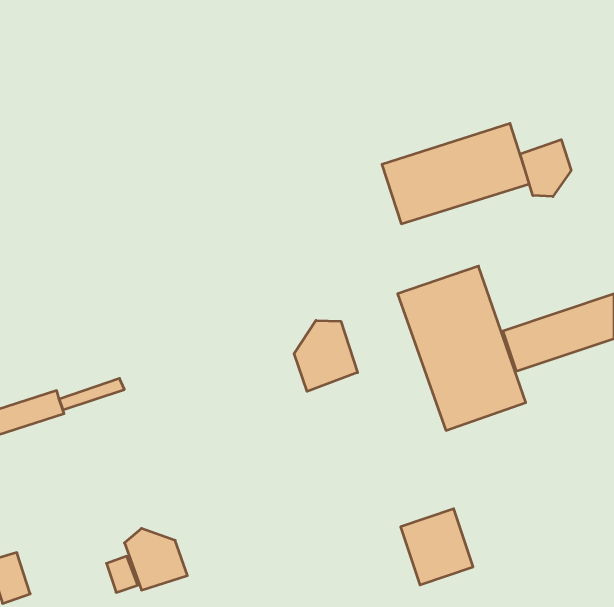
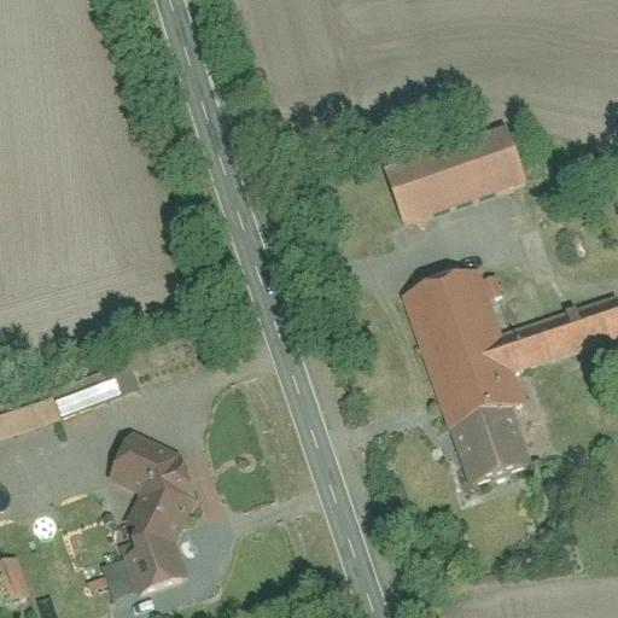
building: [520,140,571,197] -> none
building: [294,320,358,391] -> none
building: none -> [110,428,196,540]
building: [401,509,473,585] -> [451,410,524,486]

